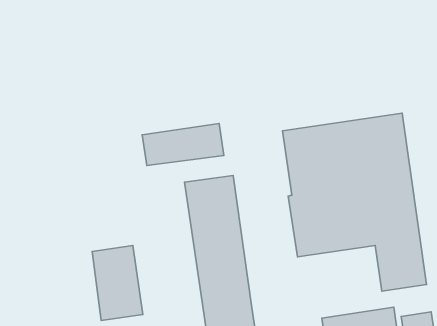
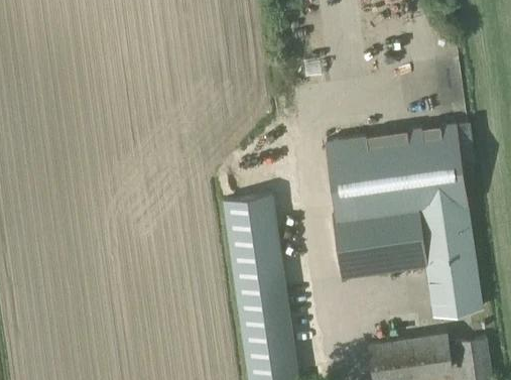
building: [142,124,224,166] -> none
building: [92,246,143,321] -> none

